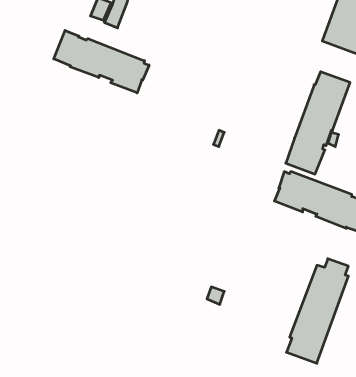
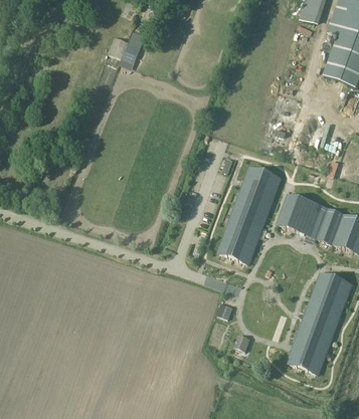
building: [54,30,149,93] -> none
building: [286,72,350,174] -> [219,167,279,261]

